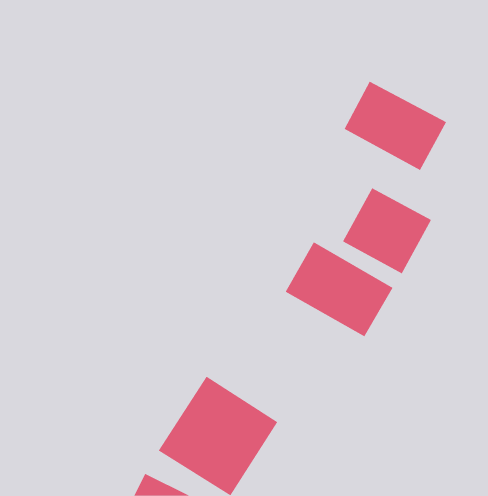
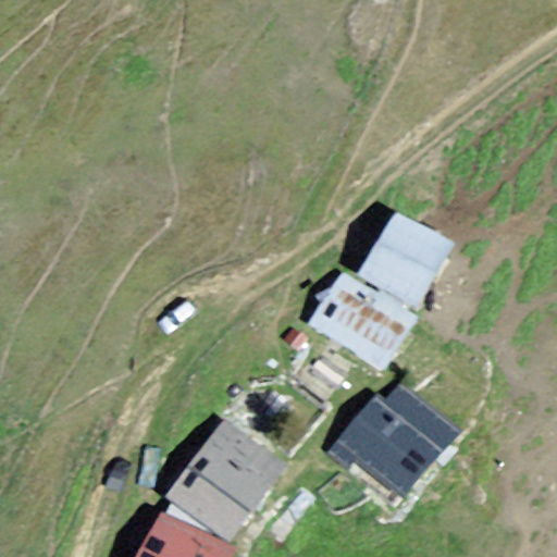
building: [344,81,447,171] -> none
building: none -> [339,386,454,497]

